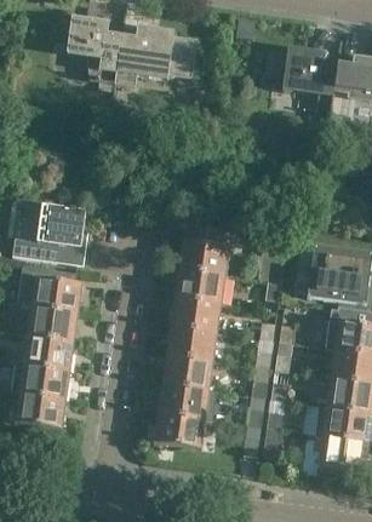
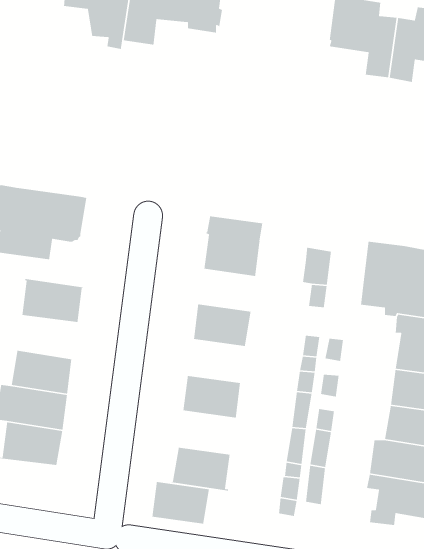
building: [176,268,223,302] -> none
building: [29,305,79,340] -> none
building: [167,325,214,360] -> none
building: [160,383,207,418] -> [152,481,210,525]

